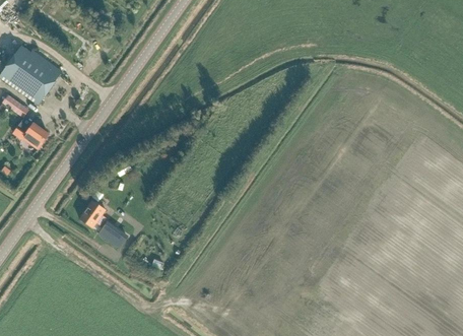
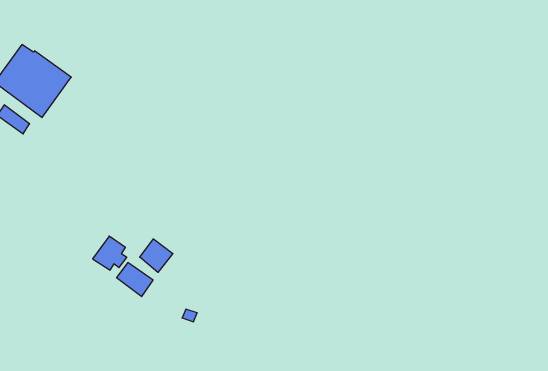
building: [12,117,47,147] -> none
building: none -> [140,239,173,272]

